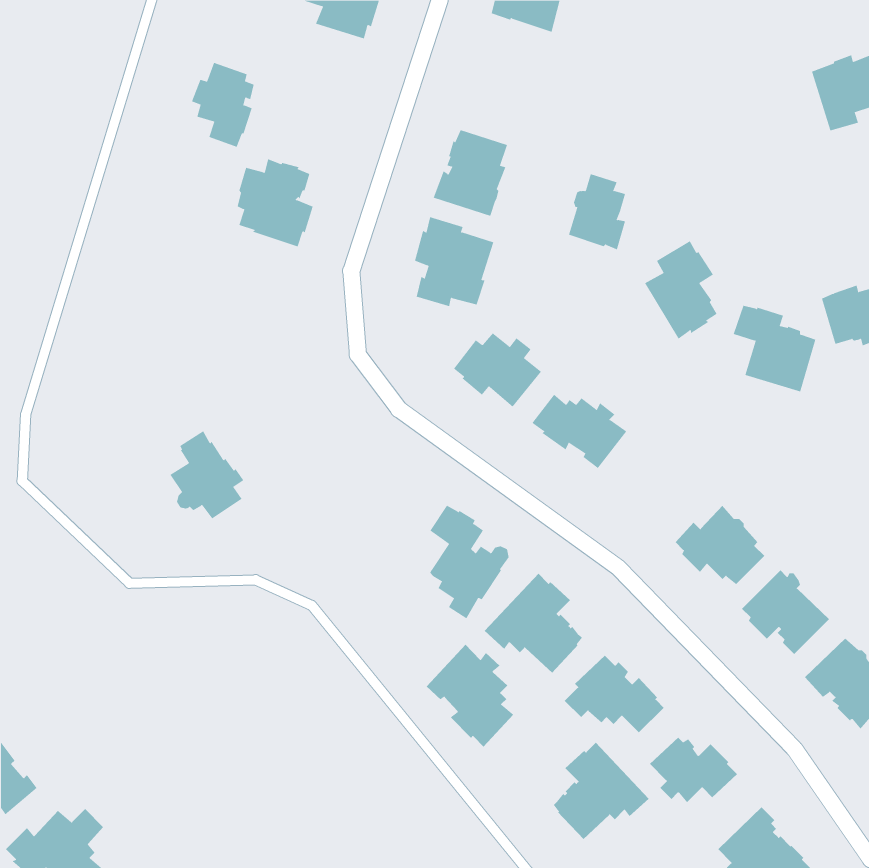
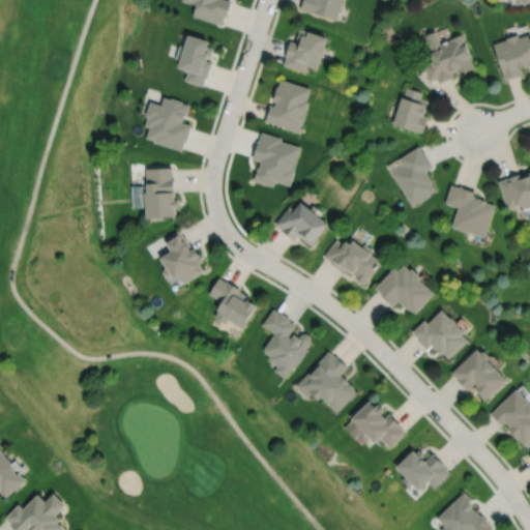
building: none -> [283,30,327,73]
building: none -> [416,32,475,85]
building: [191,62,254,148] -> [175,36,213,88]
building: [568,174,626,250] -> [393,89,429,136]
building: none -> [140,167,178,218]
building: [169,431,244,519] -> [157,229,203,283]
building: none -> [377,268,436,317]
building: none -> [208,277,256,326]
building: [426,644,514,747] -> none
building: [553,742,649,840] -> none

